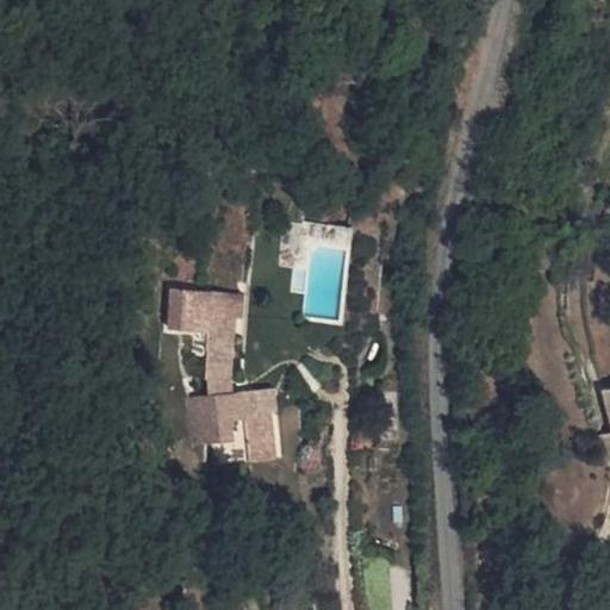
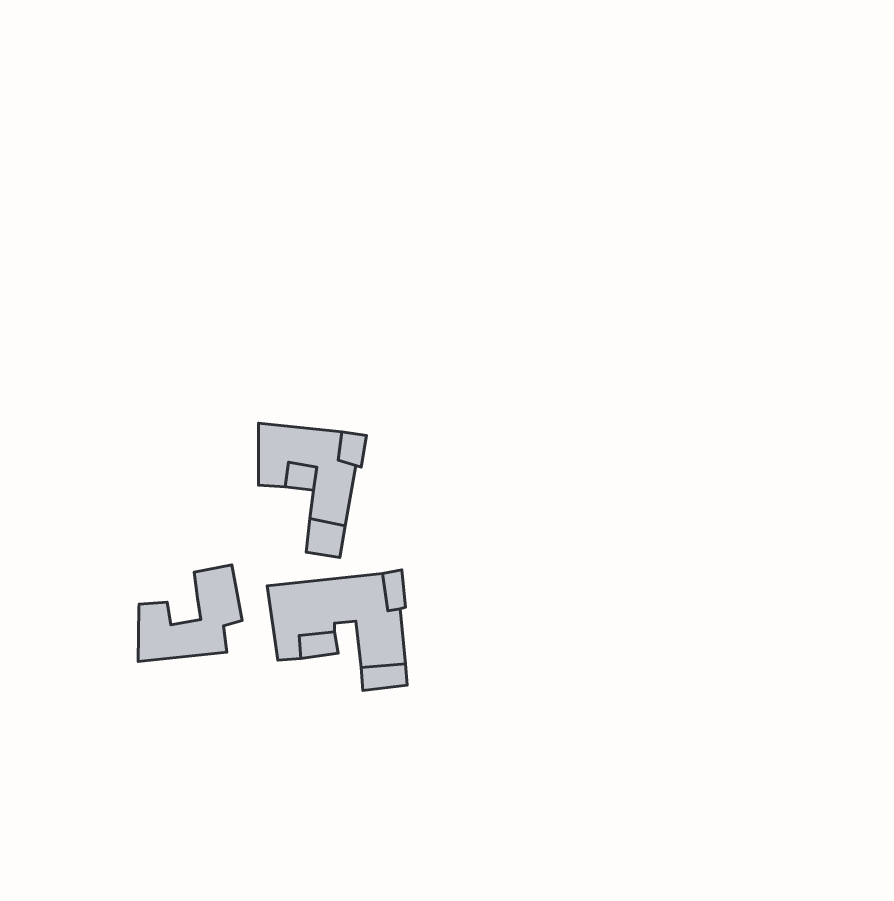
building: none -> [138,565,242,662]

